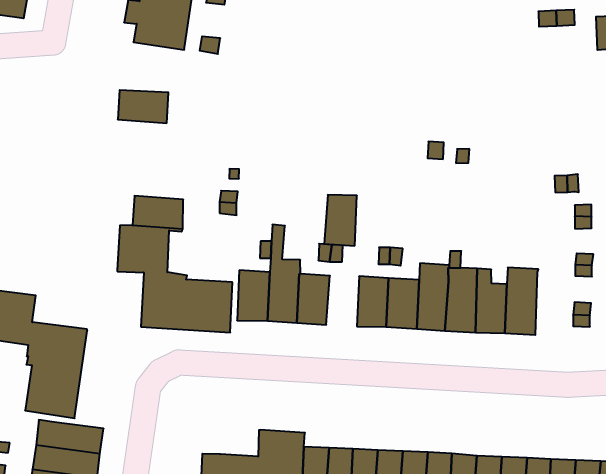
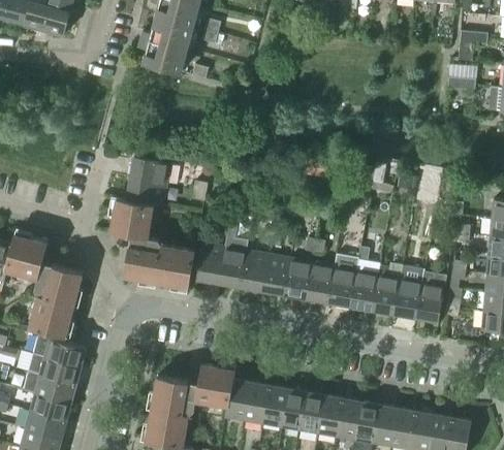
building: [118,90,168,123] -> [130,157,170,186]
building: [324,195,357,246] -> [261,256,290,296]
building: none -> [416,272,446,323]

